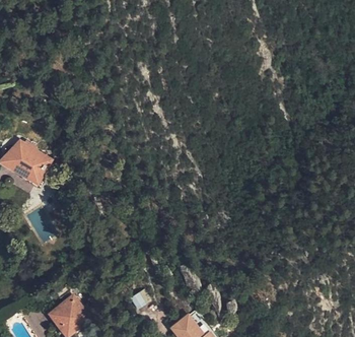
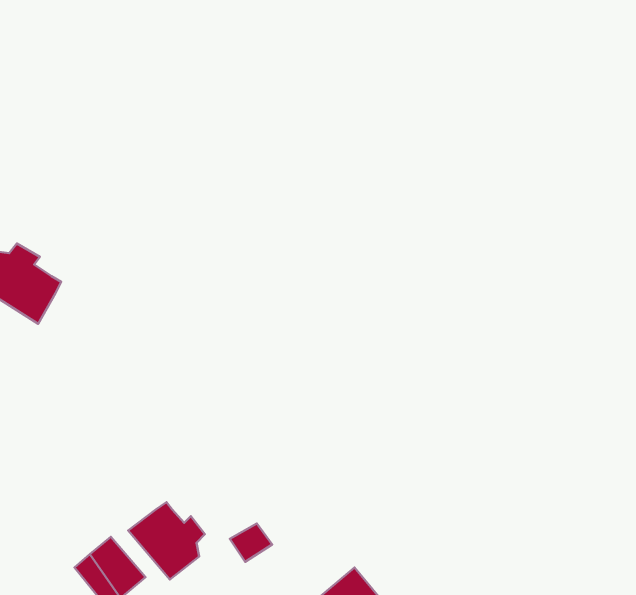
building: none -> [128,502,205,580]

